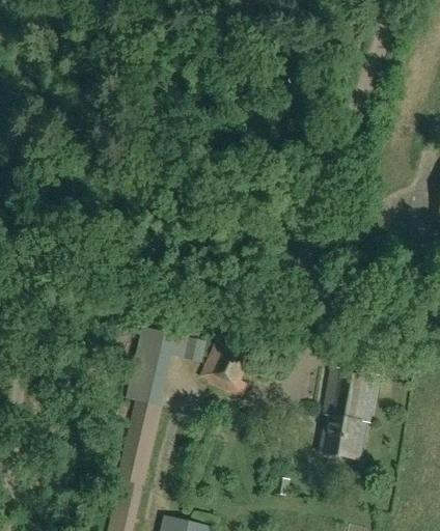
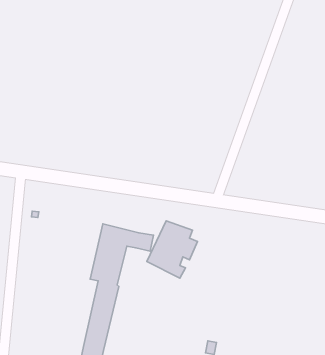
building: [320,366,378,458] -> none

